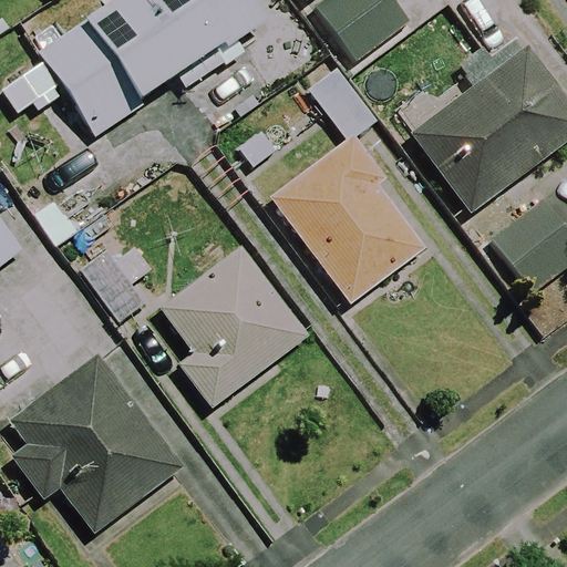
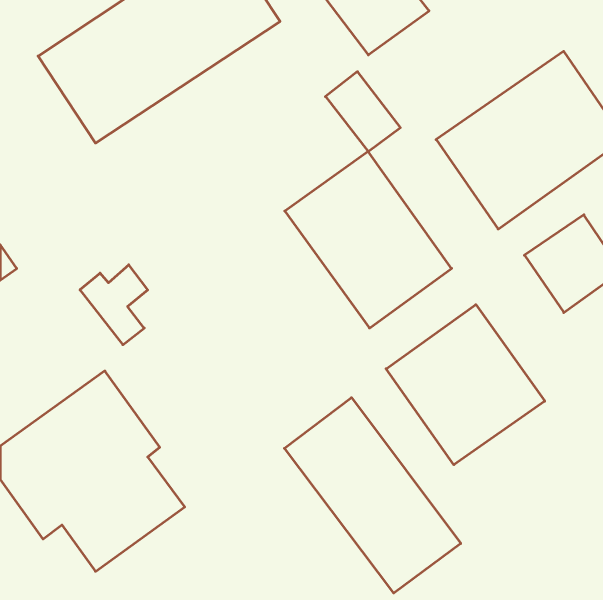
building: [161,248,307,408] -> none
building: none -> [386,305,545,465]
building: none -> [284,398,461,593]

